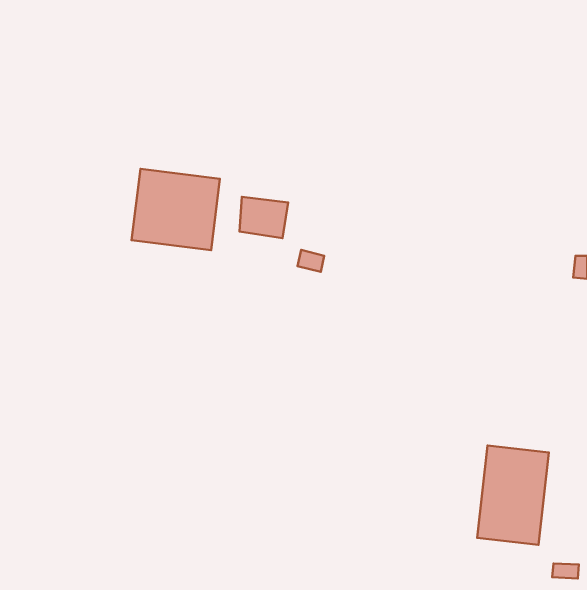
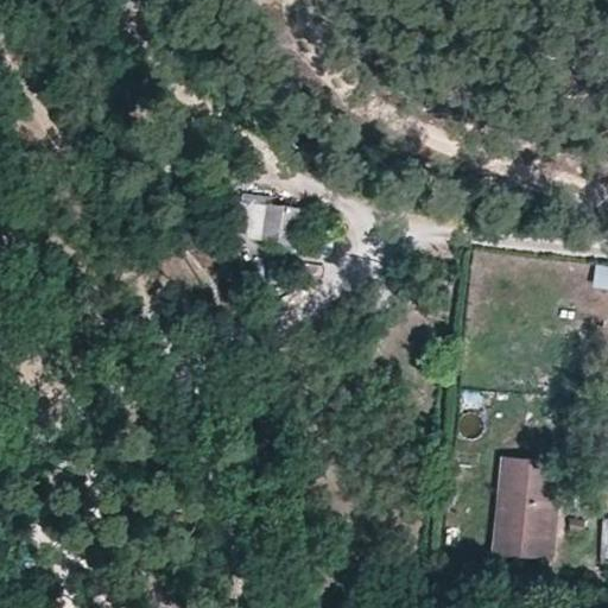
building: [132,169,220,250] -> none

